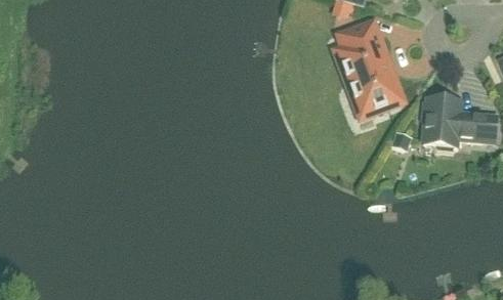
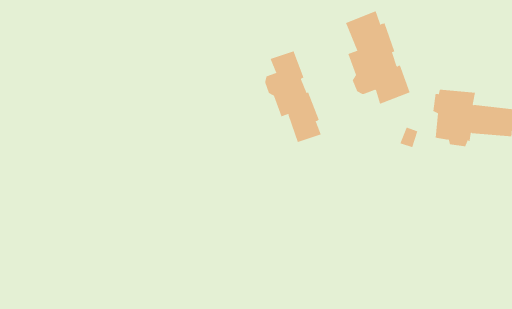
building: none -> [265,50,322,143]

